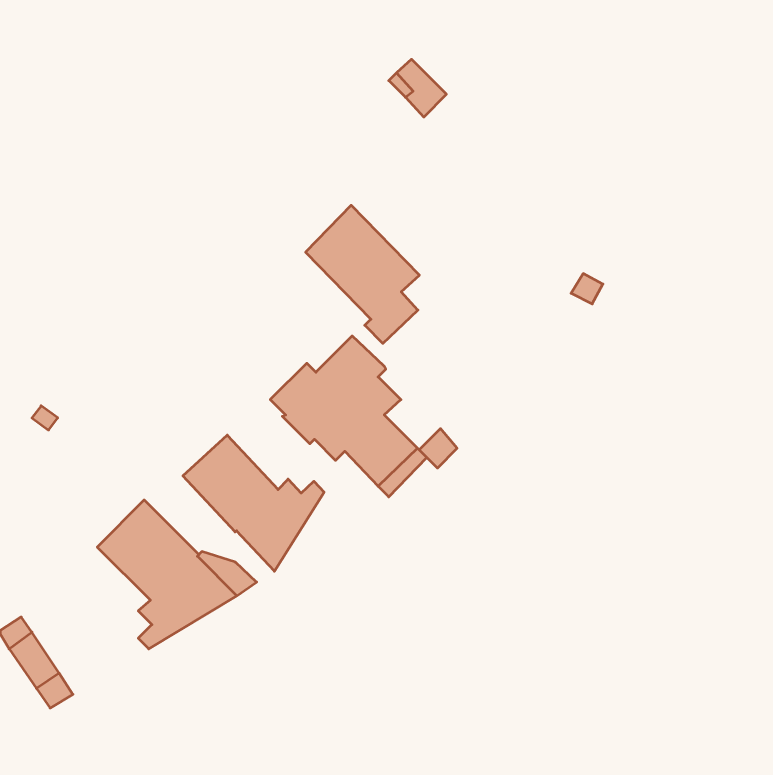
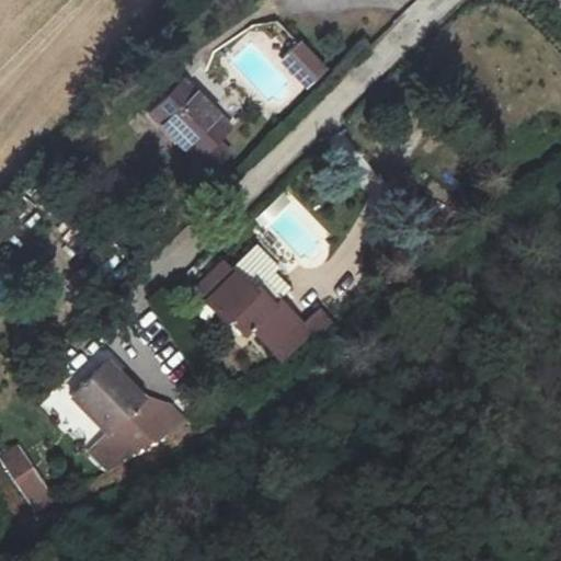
building: [306,205,419,343] -> [150,78,232,178]
building: [183,435,324,571] -> none

